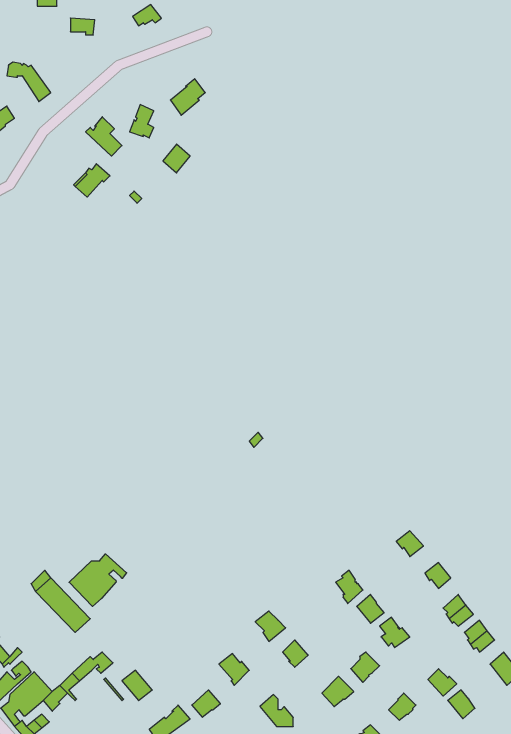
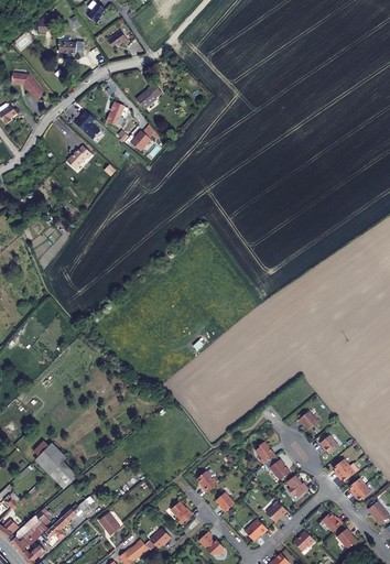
building: [69,554,127,606] -> none

